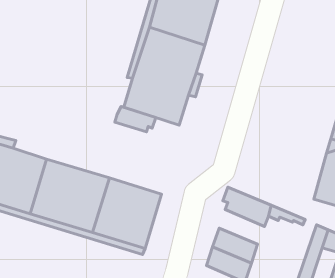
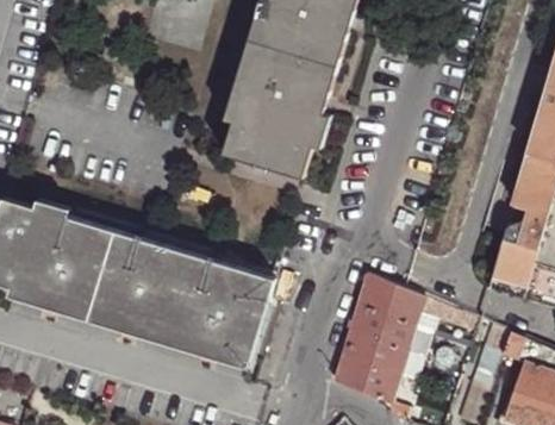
building: [115,106,156,132] -> none
building: none -> [355,302,418,351]

